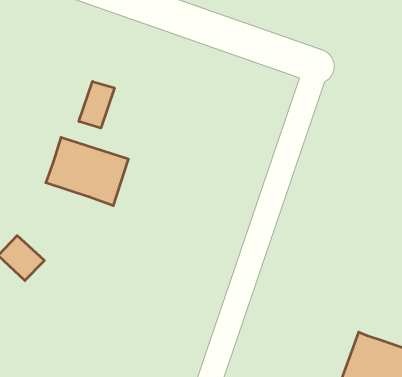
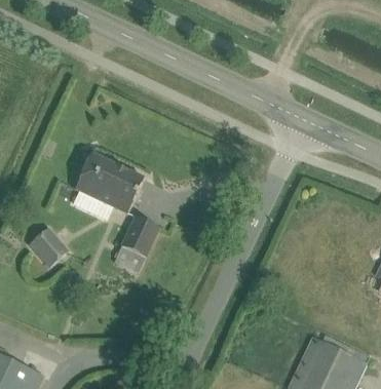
building: [79,81,114,128] -> none
building: none -> [113,216,159,273]

